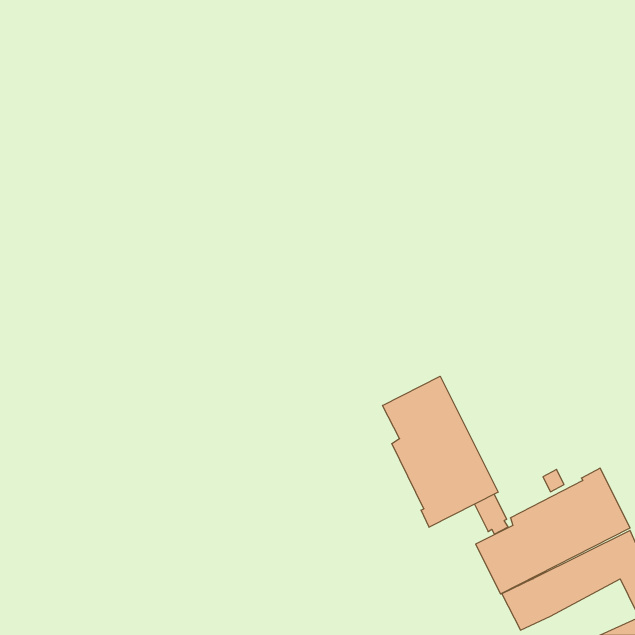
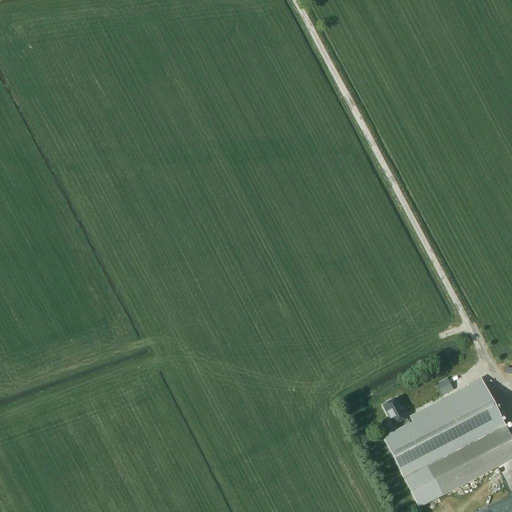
building: [383,376,498,527] -> none

